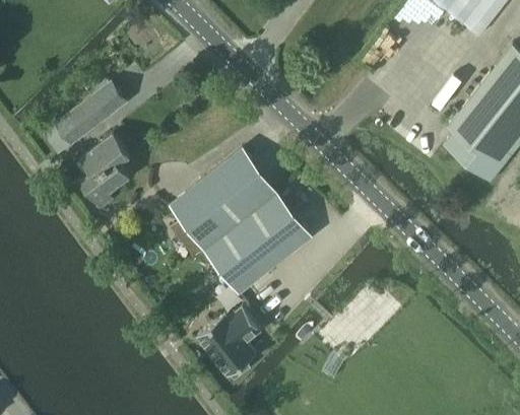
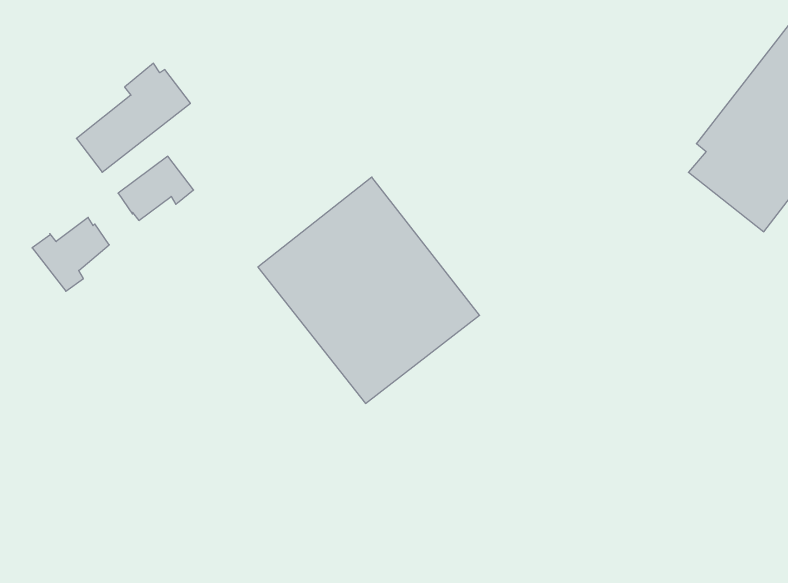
building: [79,161,128,208] -> [32,217,109,291]
building: [196,307,260,378] -> none

